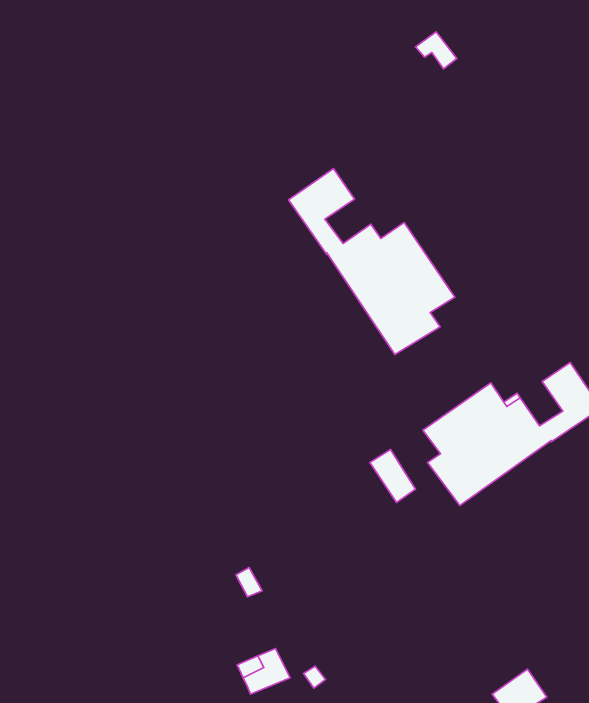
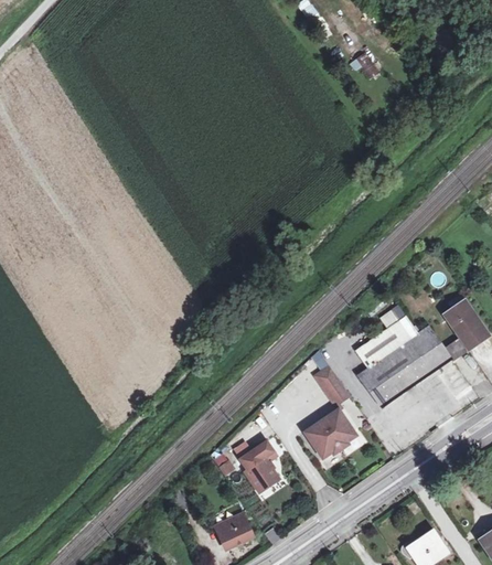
building: [289,169,455,355] -> none
building: none -> [303,409,355,458]
building: none -> [240,440,277,489]

